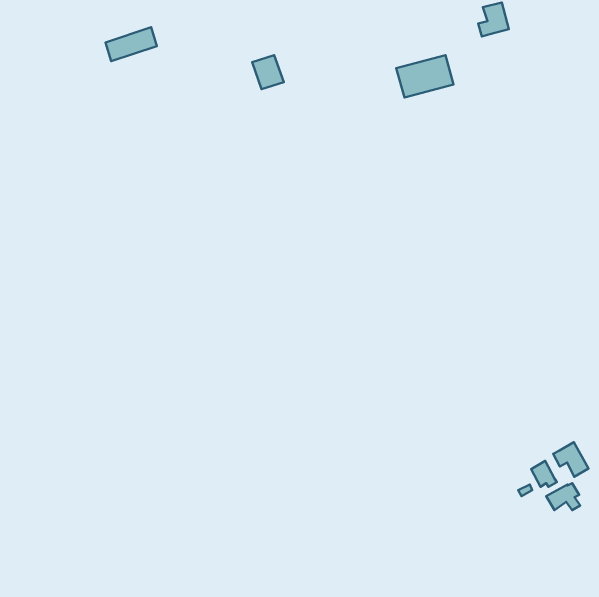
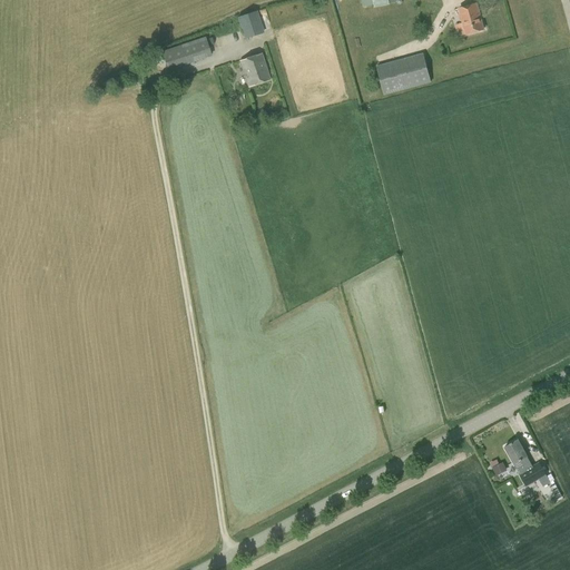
building: none -> [238,9,265,38]
building: [105,27,157,61] -> [161,36,210,68]
building: [553,442,588,477] -> none

